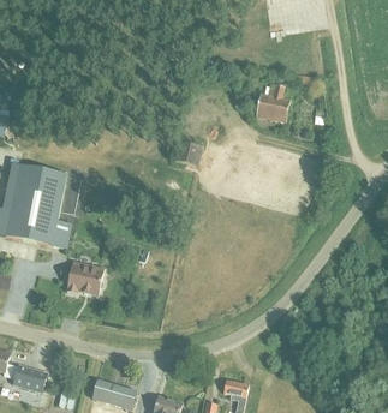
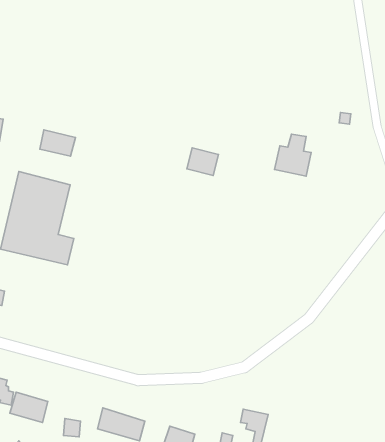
building: [255,82,288,120] -> [275,134,311,176]
building: none -> [40,130,75,156]
building: [66,259,103,293] -> none

